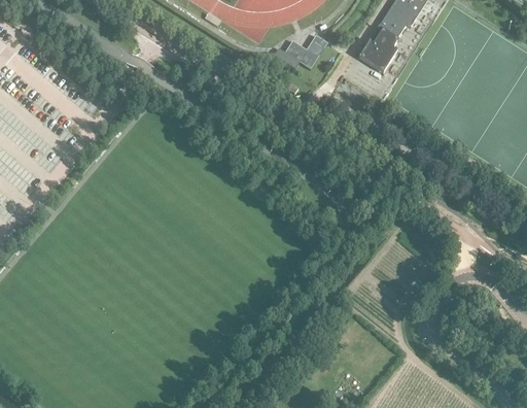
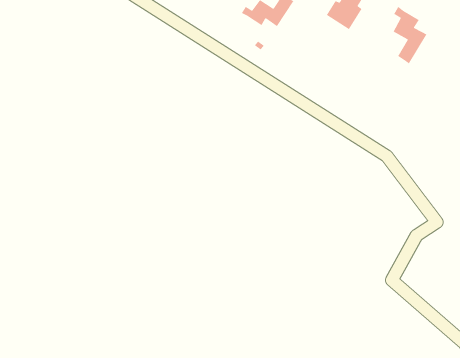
building: none -> [392,6,428,64]

